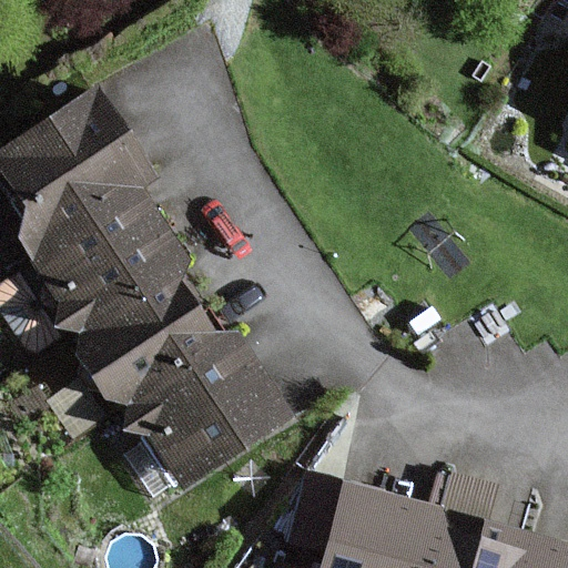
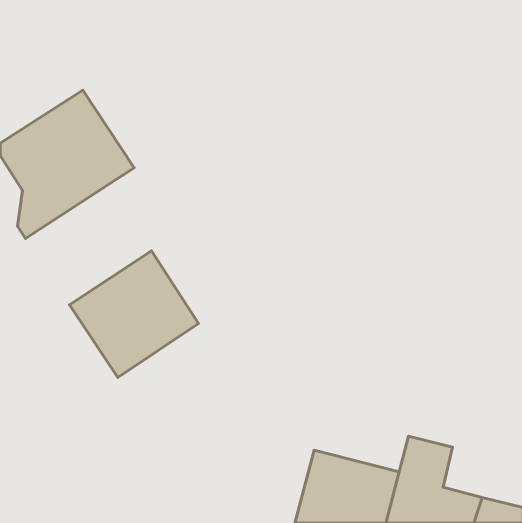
building: [29,190,181,331] -> none
building: [129,341,283,486] -> none

